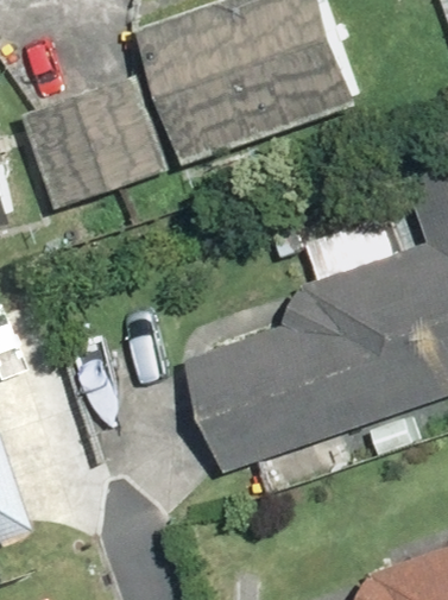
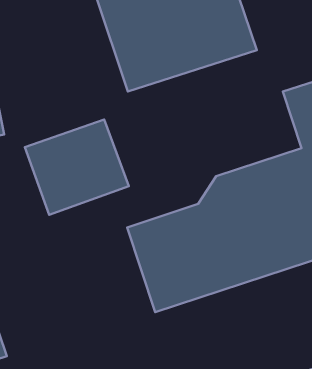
building: [14,78,160,213] -> [25,119,129,215]

